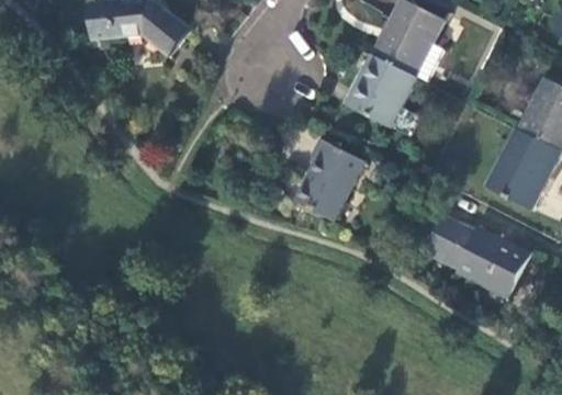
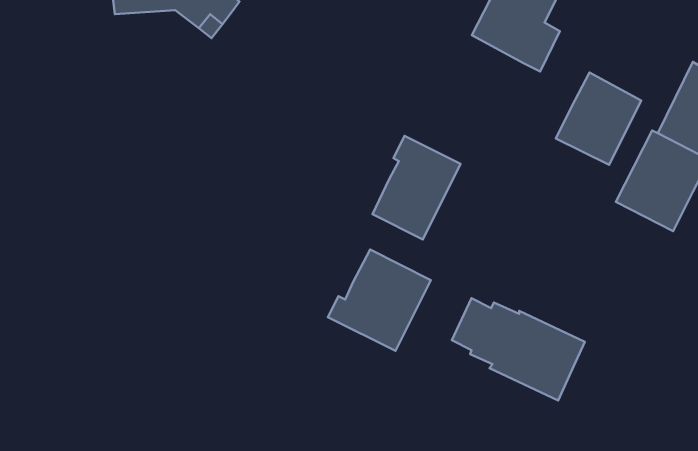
building: [348,55,415,127] -> [556,73,641,165]
building: [425,218,529,298] -> [452,298,585,400]
building: none -> [328,250,431,351]

